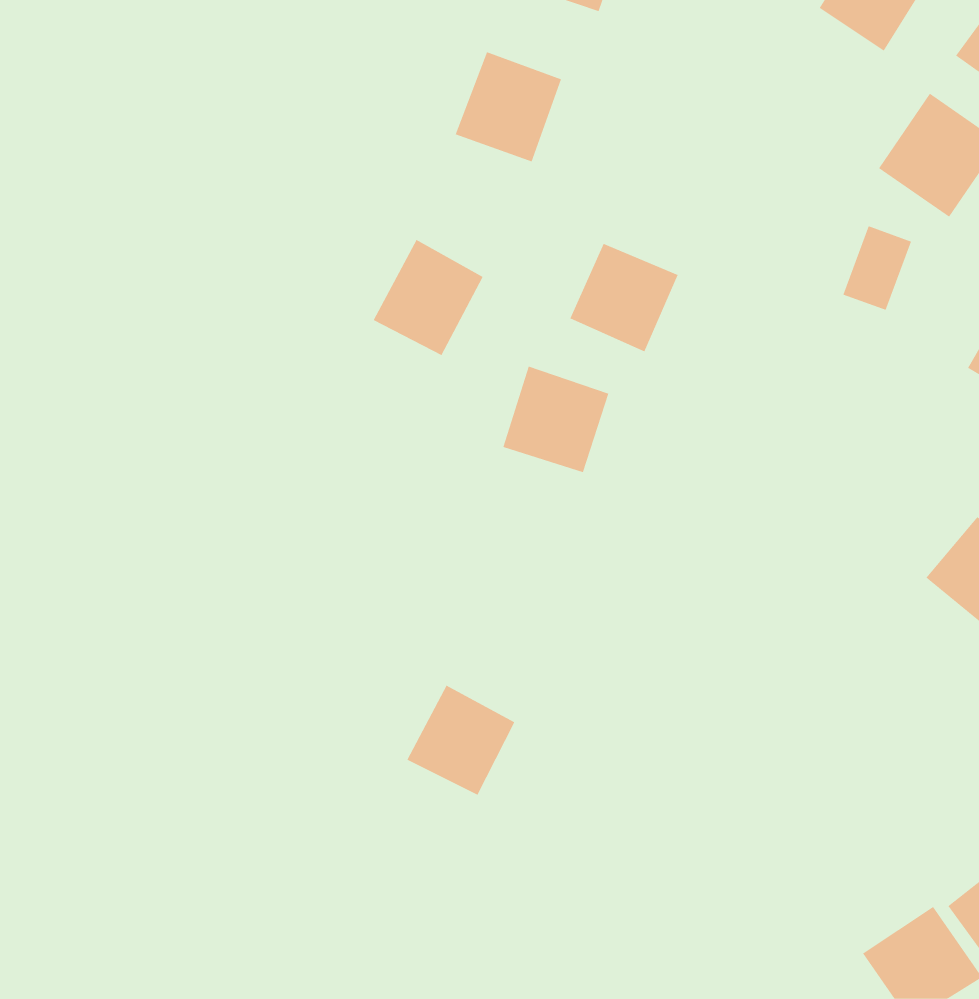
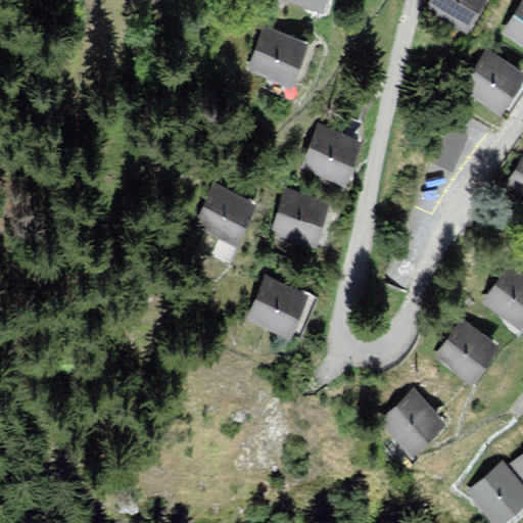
building: [373,239,483,356] -> [191,185,248,245]
building: none -> [436,323,497,385]
building: [407,685,515,795] -> [241,279,297,336]
building: none -> [369,394,432,457]

